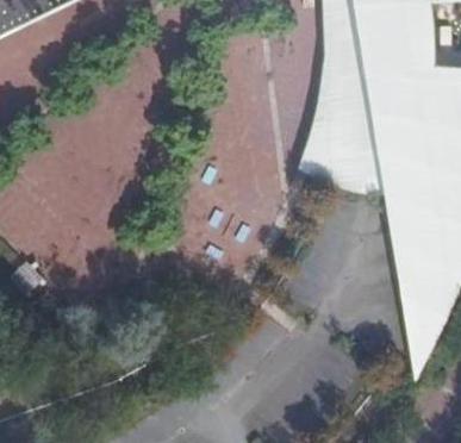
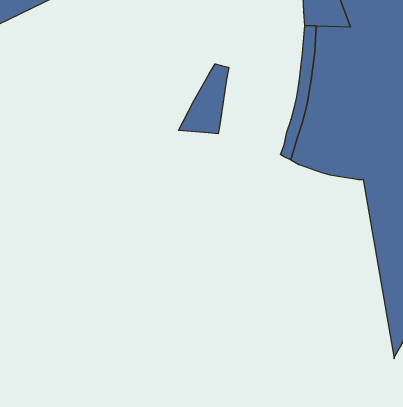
building: none -> [179,64,229,134]

